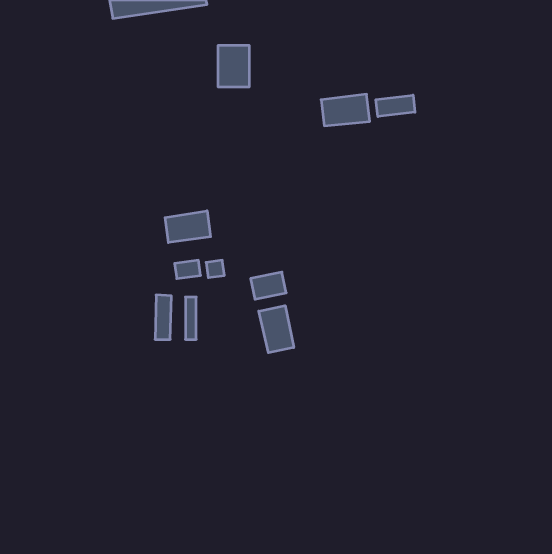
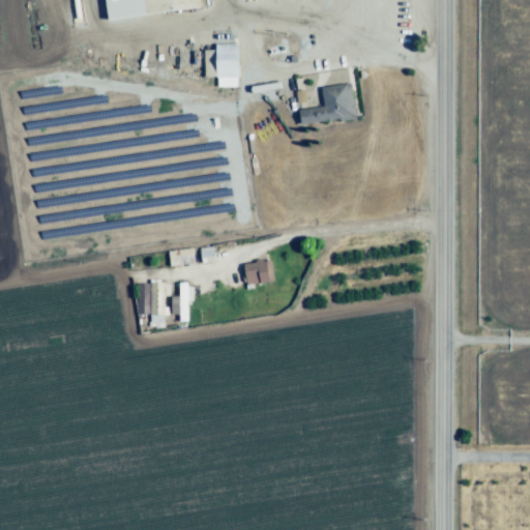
building: [376,95,415,117] -> none
building: [165,211,211,243] -> none
building: [259,306,294,353] -> none

